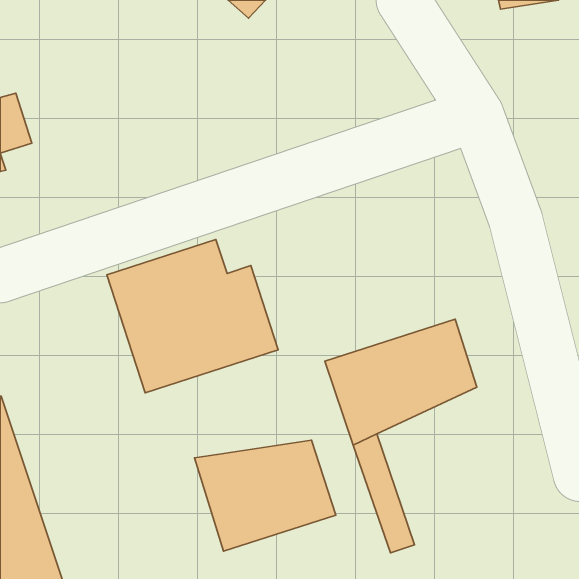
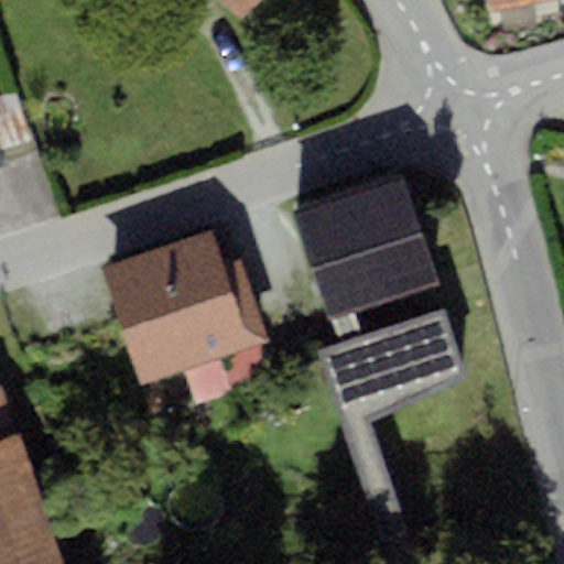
building: none -> [295,180,436,318]
building: [195,440,336,551] -> none

